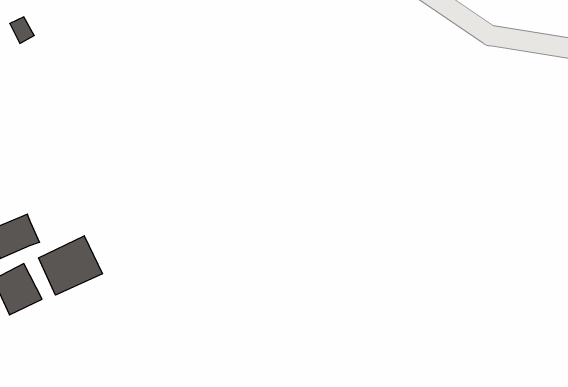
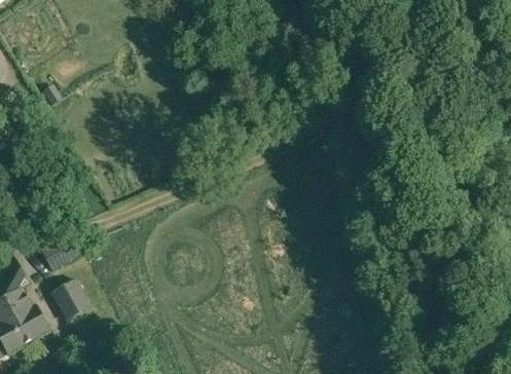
building: [39,236,103,295] -> none

